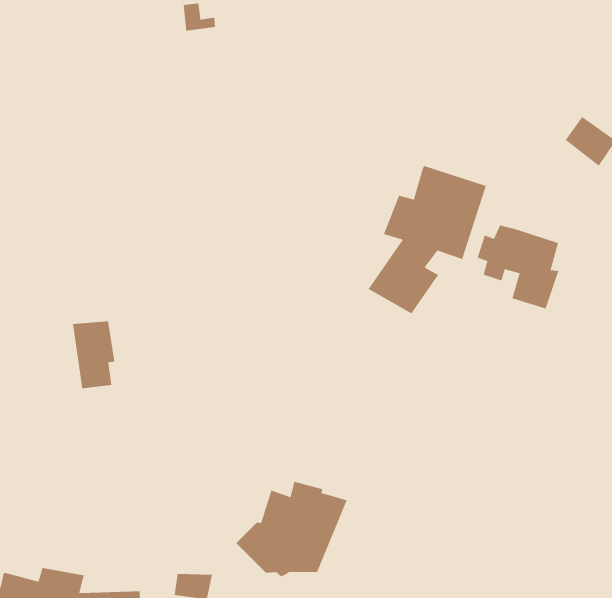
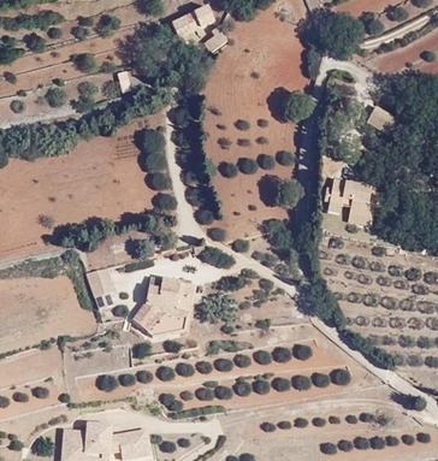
building: [368,165,486,314] -> none
building: [236,481,347,577] -> [131,277,195,336]

